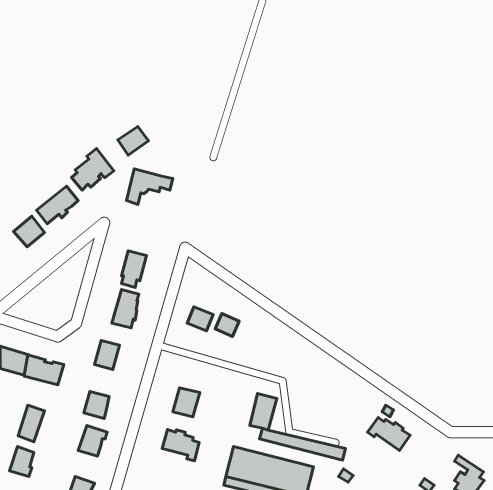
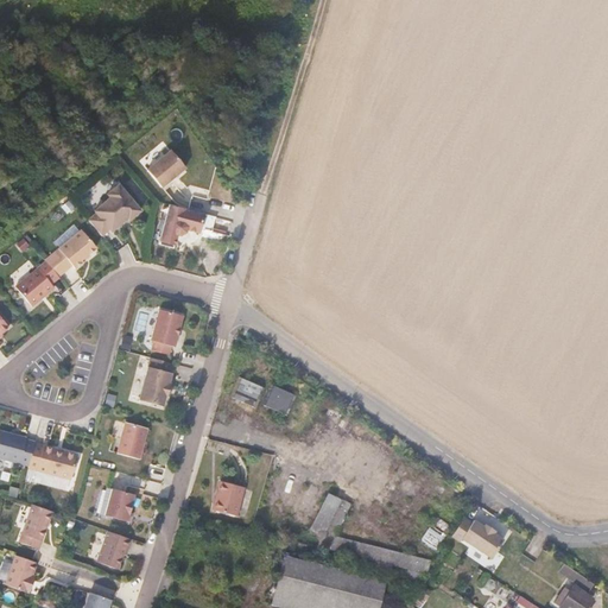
building: [162,429,199,461] -> none

